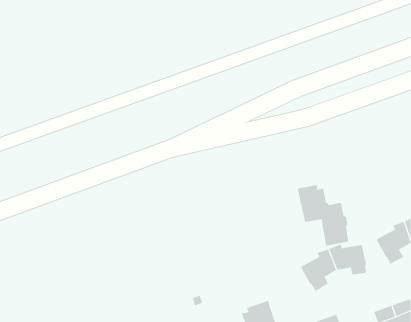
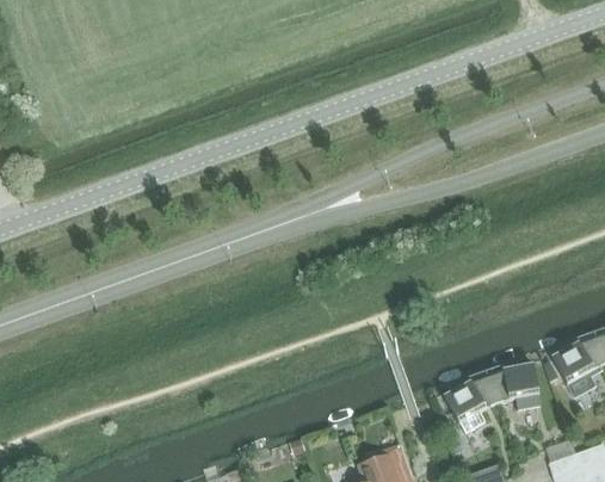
building: [297,184,349,246] -> none

